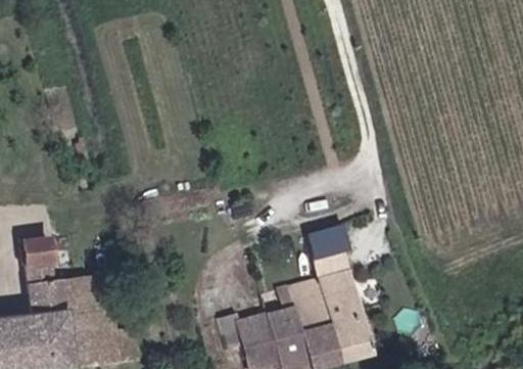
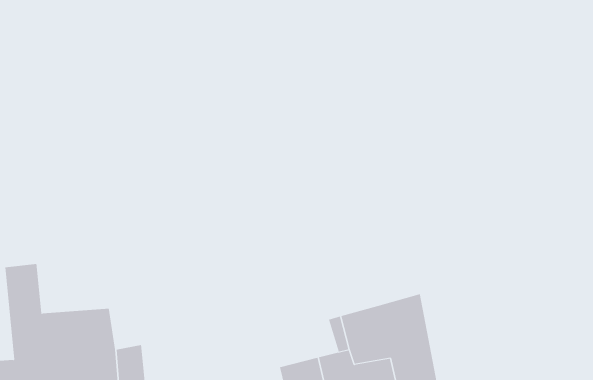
building: [306,222,353,275] -> none

